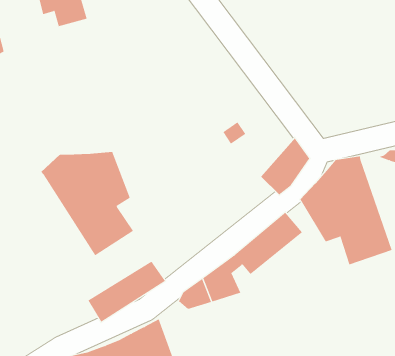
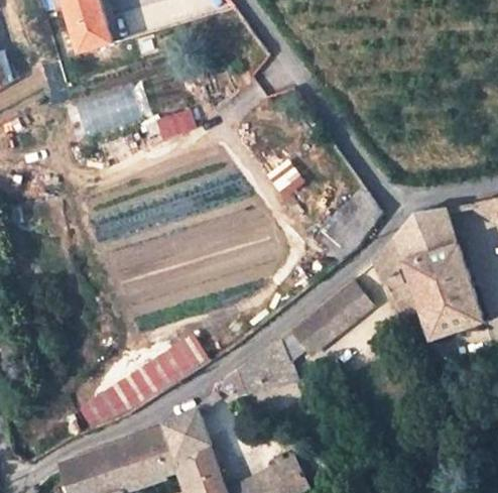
building: [41,151,134,256] -> none
building: none -> [76,385,127,429]

